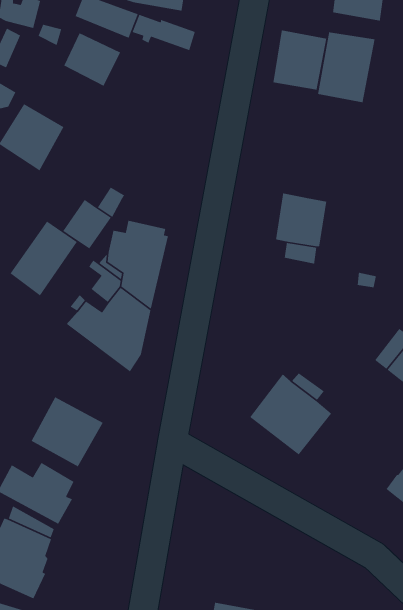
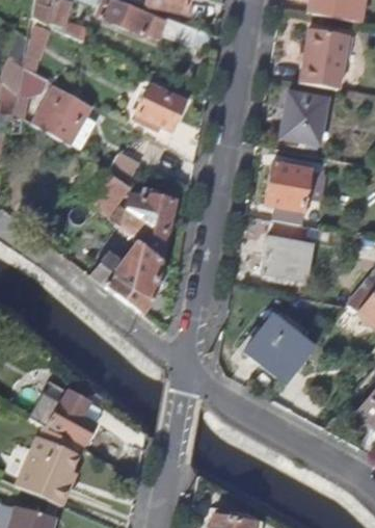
building: [273,30,327,90] -> [282,91,327,142]
building: [63,32,121,87] -> [137,84,186,130]
building: [9,220,78,297] -> none
building: none -> [262,236,311,281]
building: [31,396,104,468] -> none

